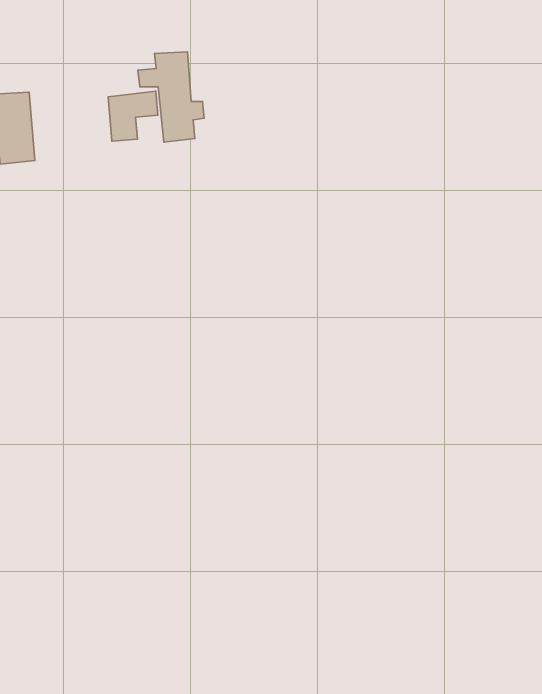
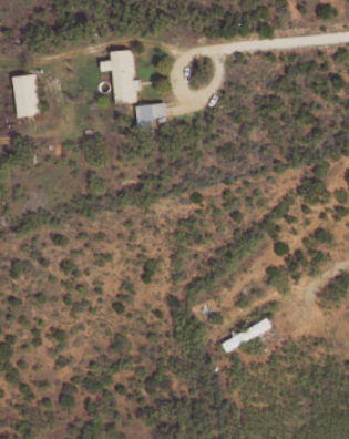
building: [108,91,158,141] -> [136,102,166,132]

